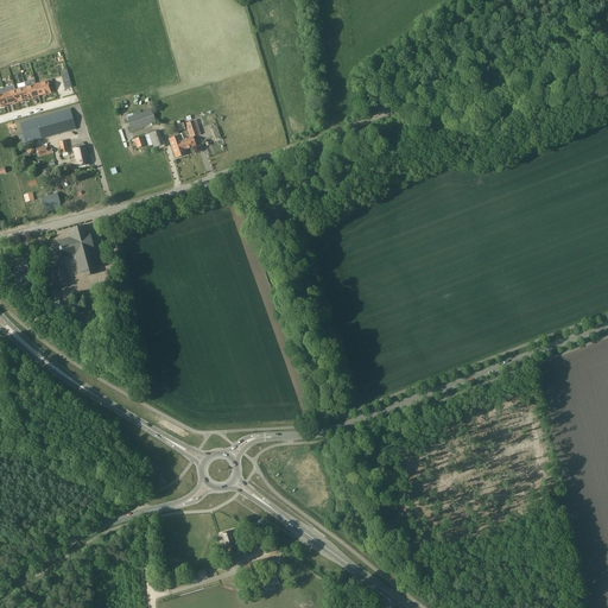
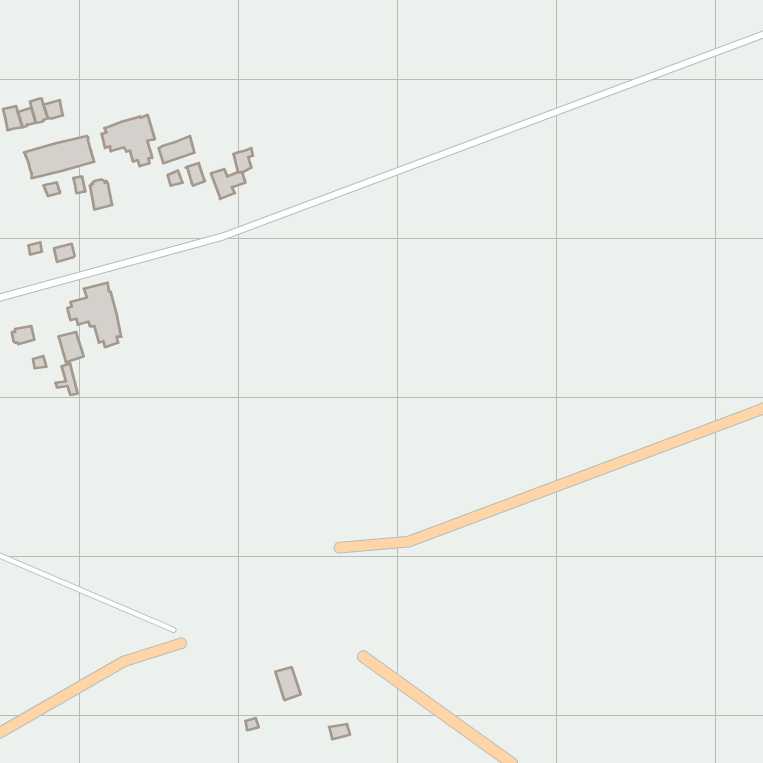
building: none -> [102,115,155,166]

